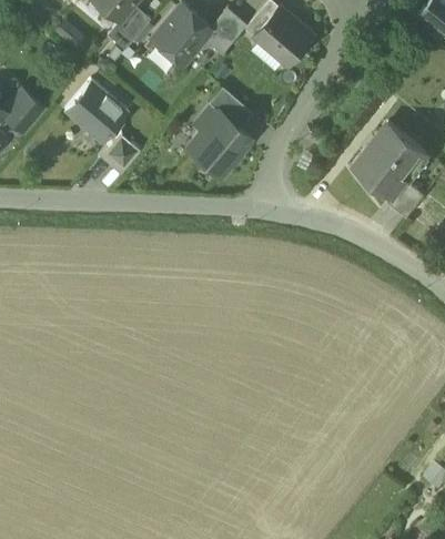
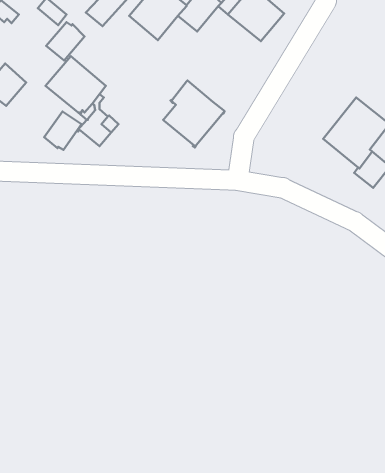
building: none -> [46,22,85,60]
building: [209,88,253,129] -> none
building: none -> [44,111,82,150]

